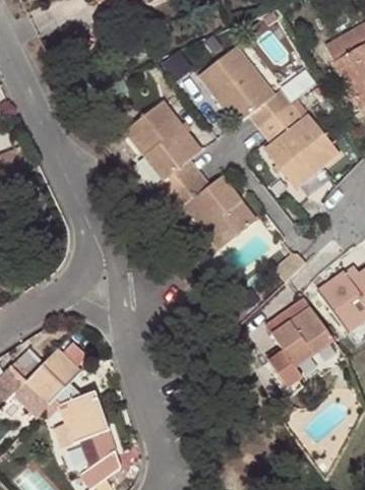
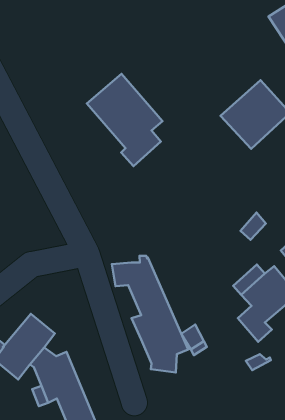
building: [200,44,301,137] -> none
building: [166,173,259,251] -> none
building: none -> [112,256,188,373]

